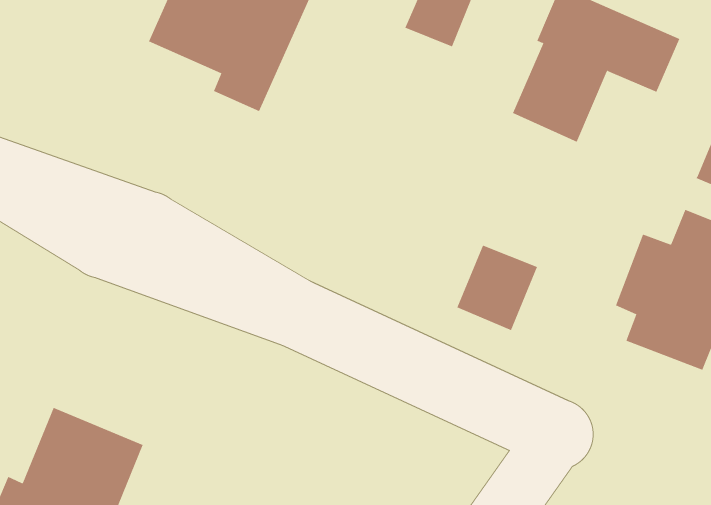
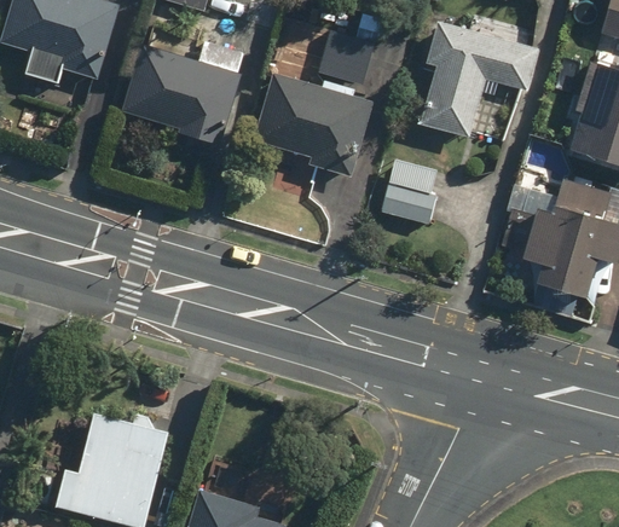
building: none -> [251,75,377,178]
building: [456,245,538,331] -> [383,158,442,222]

